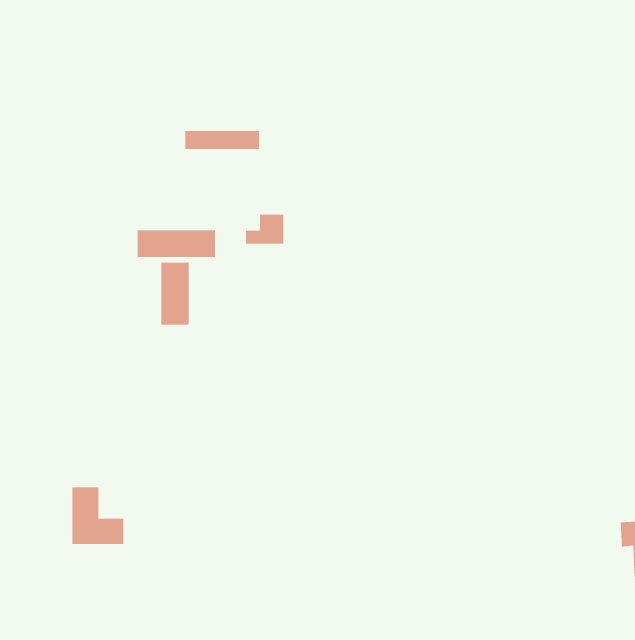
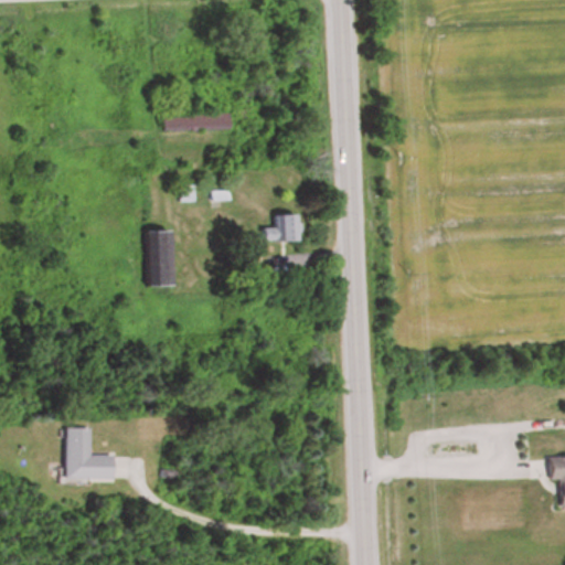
building: [245,214,284,244] -> [265,214,299,241]
building: [137,229,215,258] -> none

